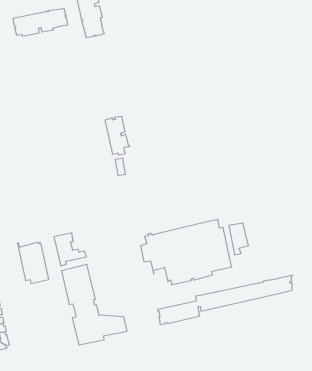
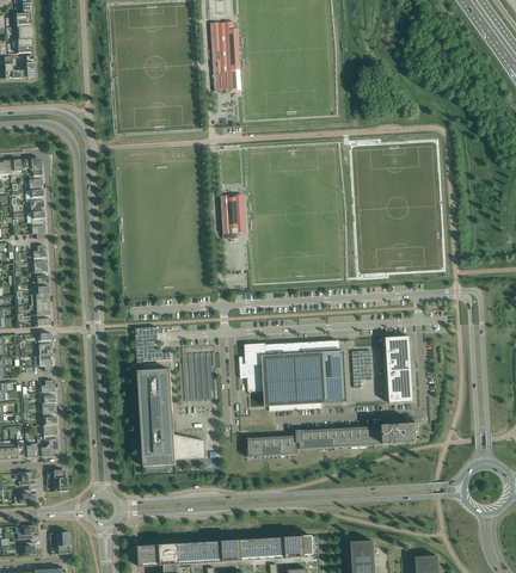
building: [13,8,68,36] -> none
building: none -> [386,337,413,402]
building: [17,242,49,283] -> [183,347,214,400]

